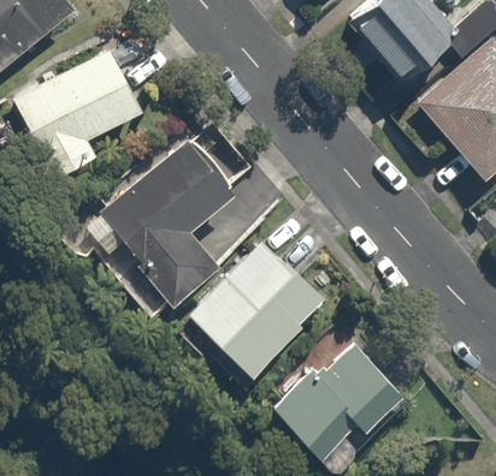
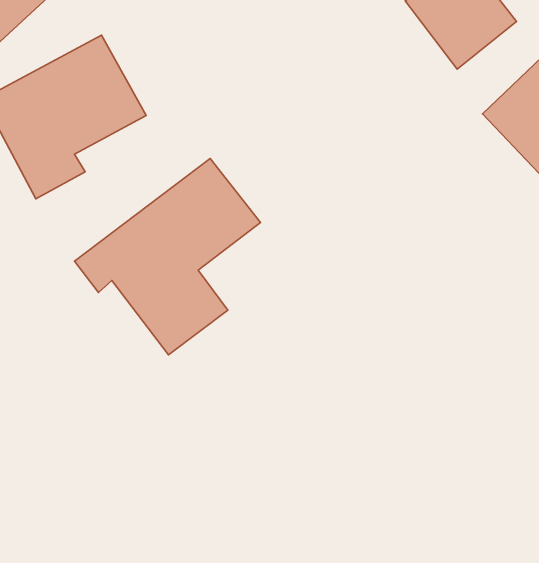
building: [187,242,318,373] -> none
building: [276,347,394,453] -> none

